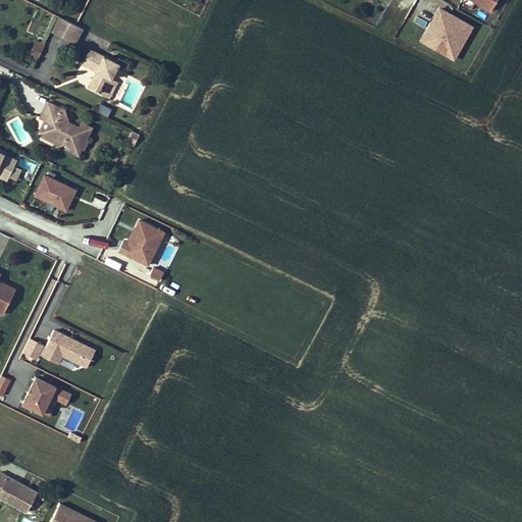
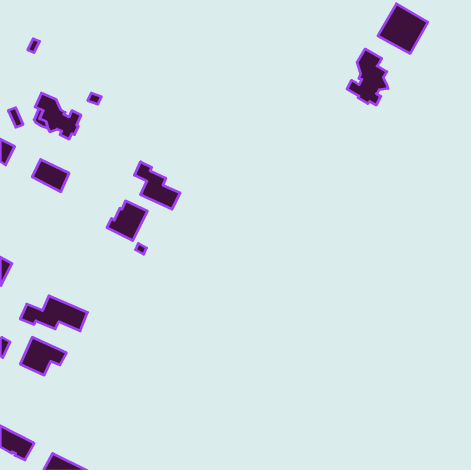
building: [51,17,81,44] -> none
building: [81,50,117,97] -> none
building: none -> [347,49,388,105]
building: none -> [134,162,180,209]

